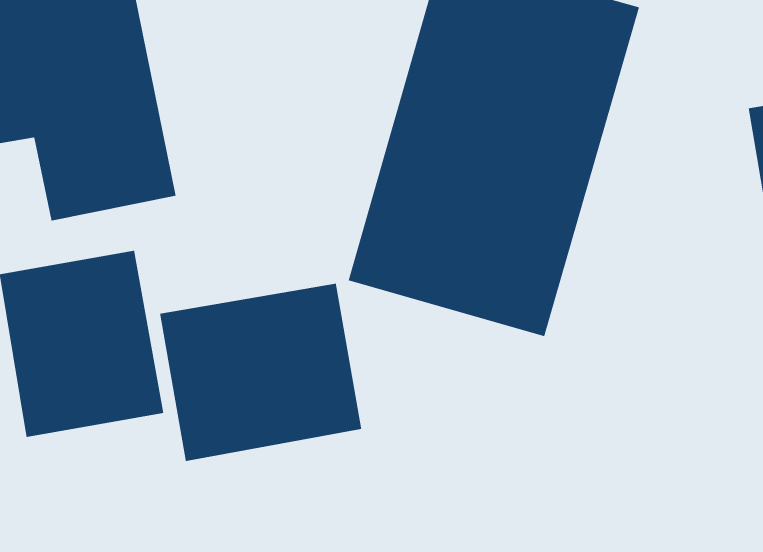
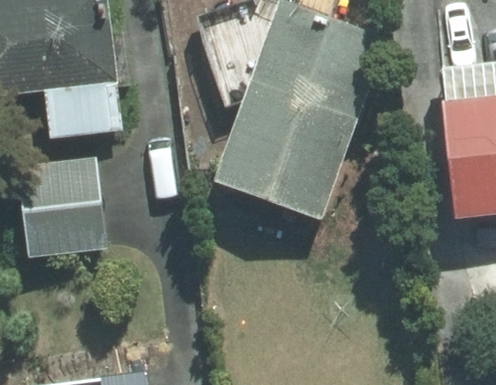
building: [160,283,362,462] -> none

